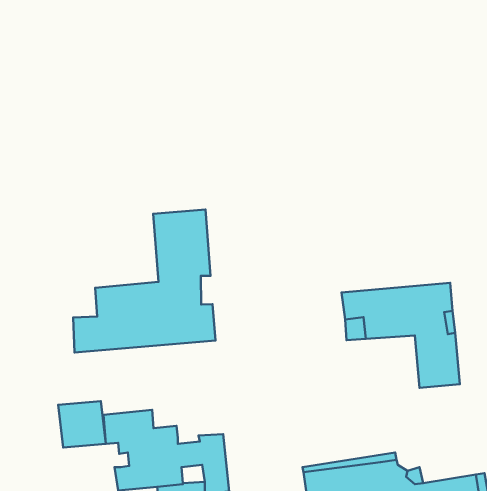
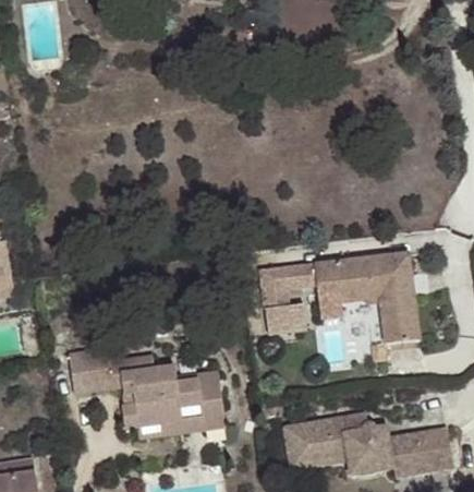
building: [73,210,216,352] -> none
building: none -> [260,259,312,331]

